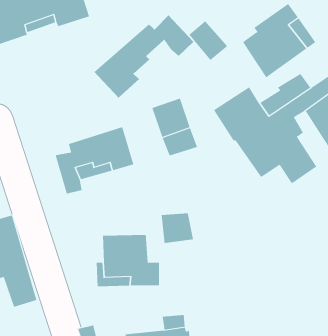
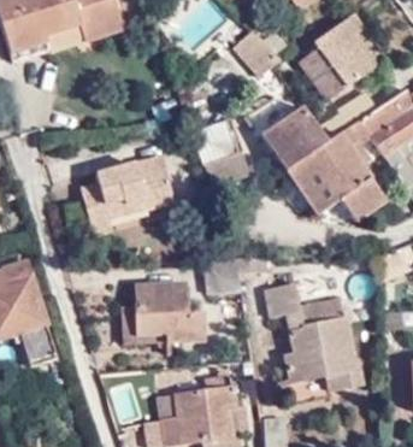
building: [94,15,194,99] -> none
building: none -> [269,292,360,390]

